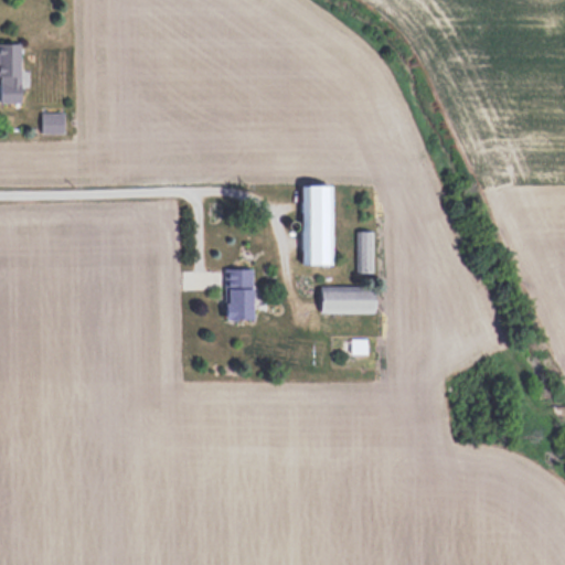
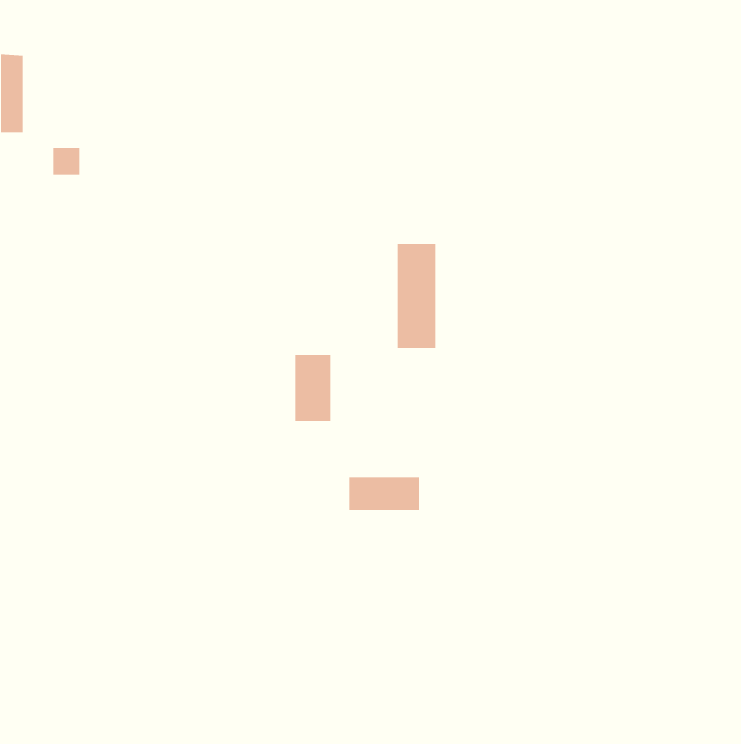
building: [360,232,375,273] -> none
building: [321,289,375,315] -> [348,477,420,510]

